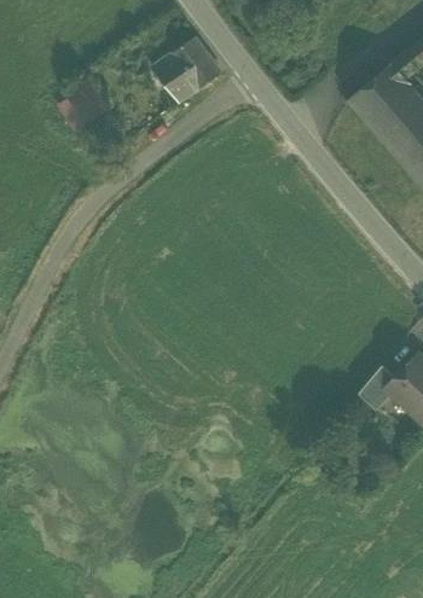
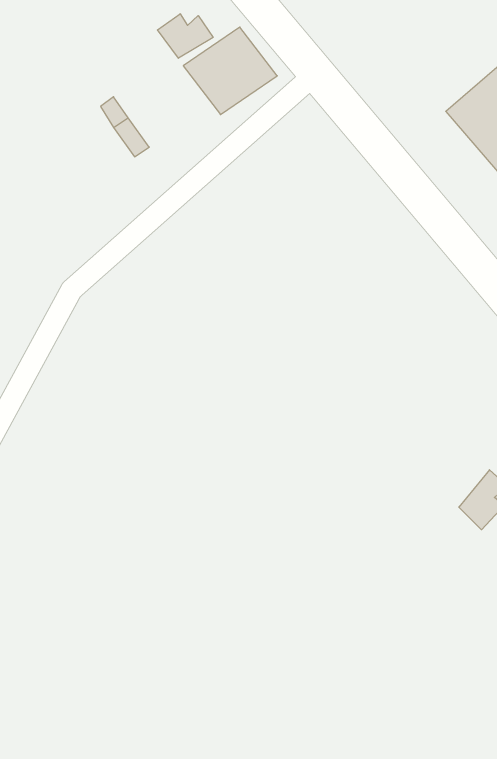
building: none -> [157,14,213,58]

